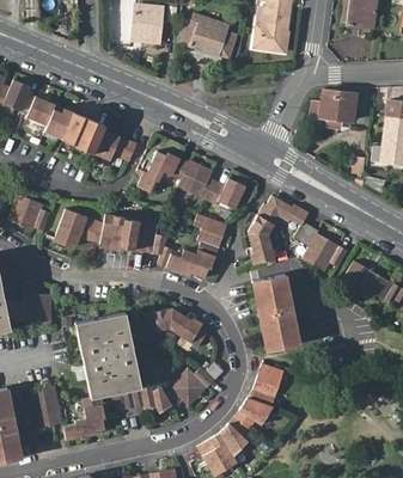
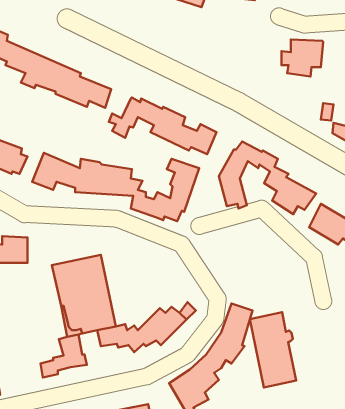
building: [252,275,300,353] -> [250,312,296,387]
building: [146,308,208,348] -> none
building: [31,386,63,428] -> none

